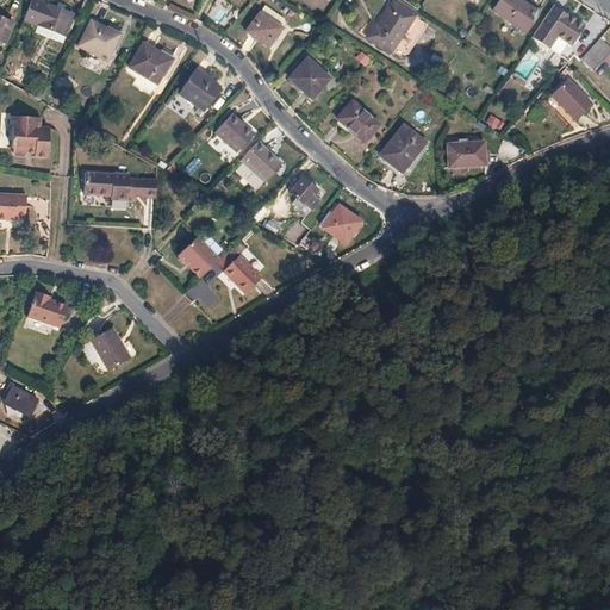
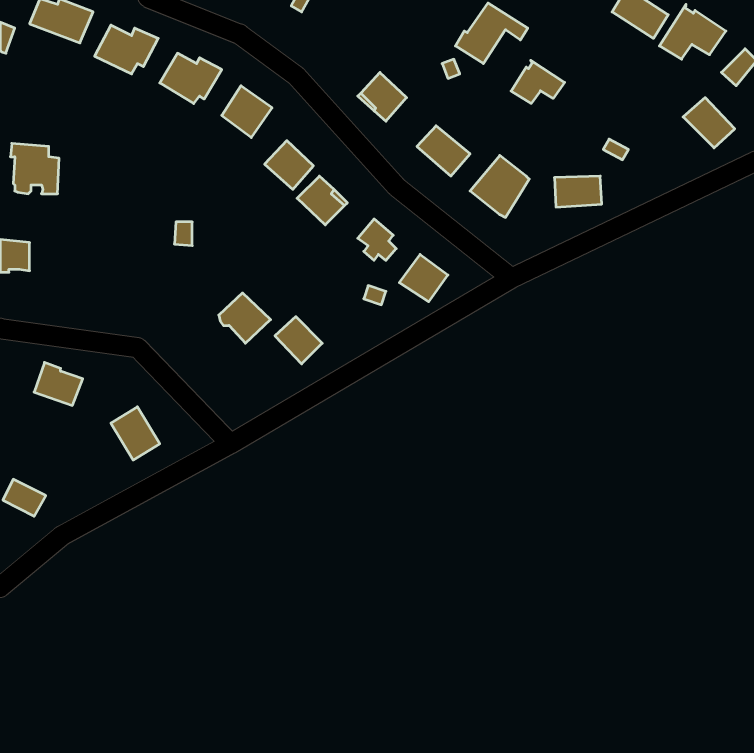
building: [247,5,285,46] -> none
building: none -> [511,60,565,103]
building: [85,172,136,200] -> none

